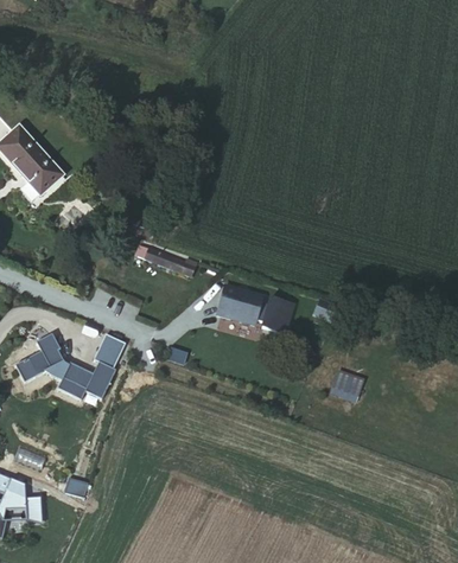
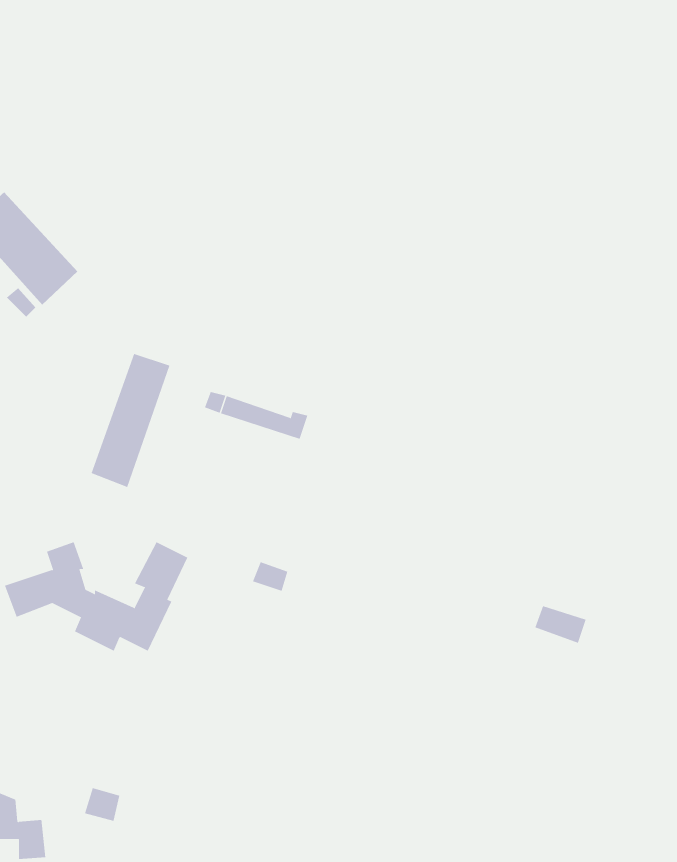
building: none -> [91,353,170,488]
building: [215,281,294,332] -> none

